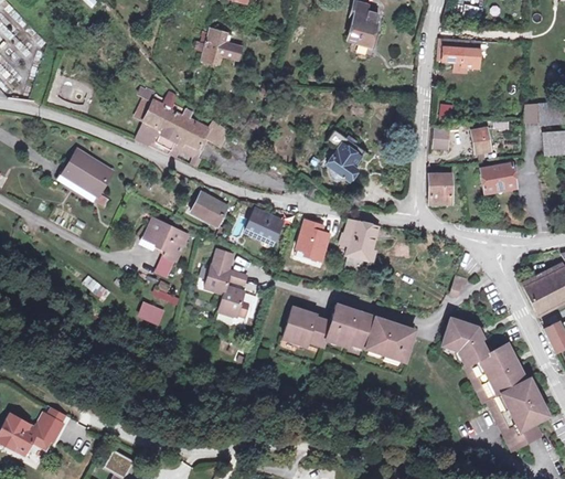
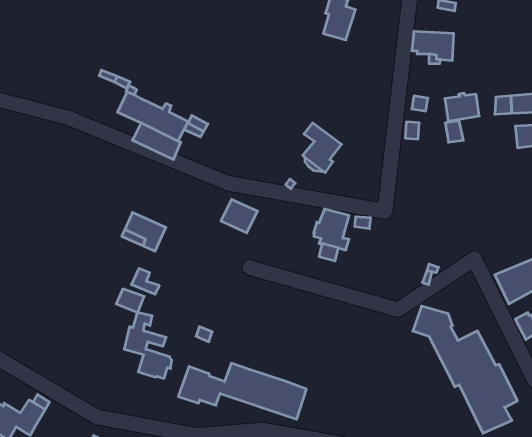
building: [203,28,245,64] -> none
building: [58,153,109,203] -> none
building: [482,164,518,193] -> [445,93,479,121]
building: [428,173,450,202] -> none
building: [190,193,227,225] -> none
building: [296,220,329,259] -> none
building: [204,249,253,317] -> [124,313,172,378]
building: [282,304,414,361] -> [178,363,306,419]

